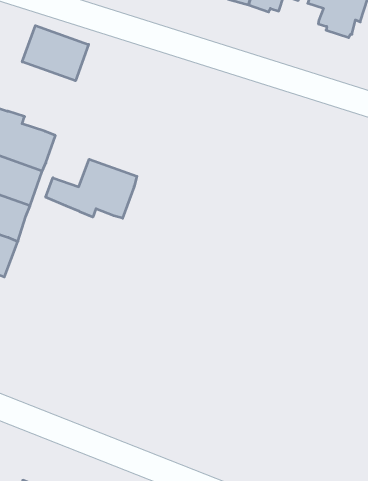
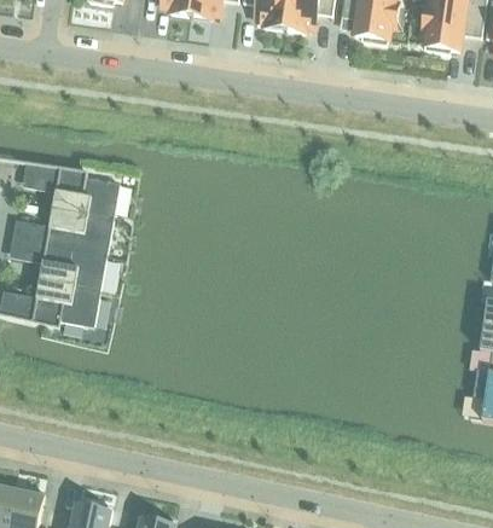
building: [22,26,89,81] -> none
building: [46,159,137,218] -> none

